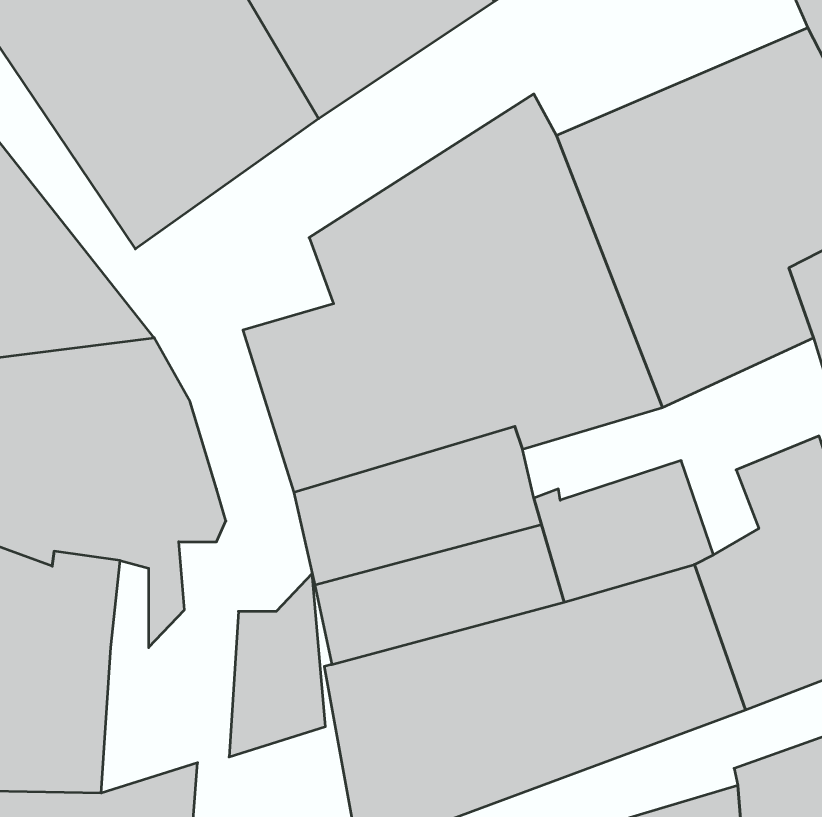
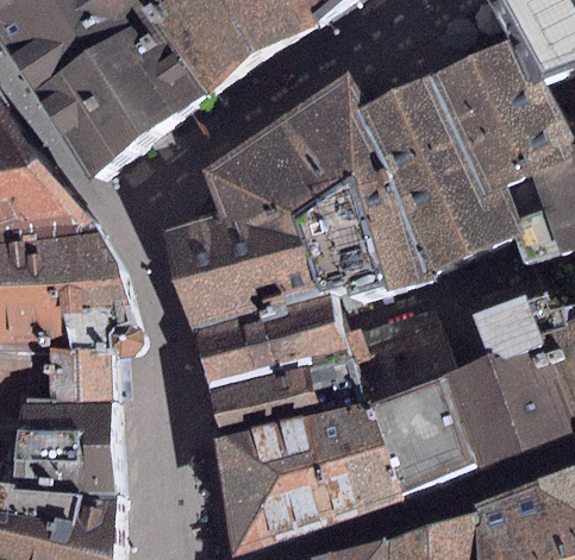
building: [229,574,325,757] -> [70,404,131,520]

